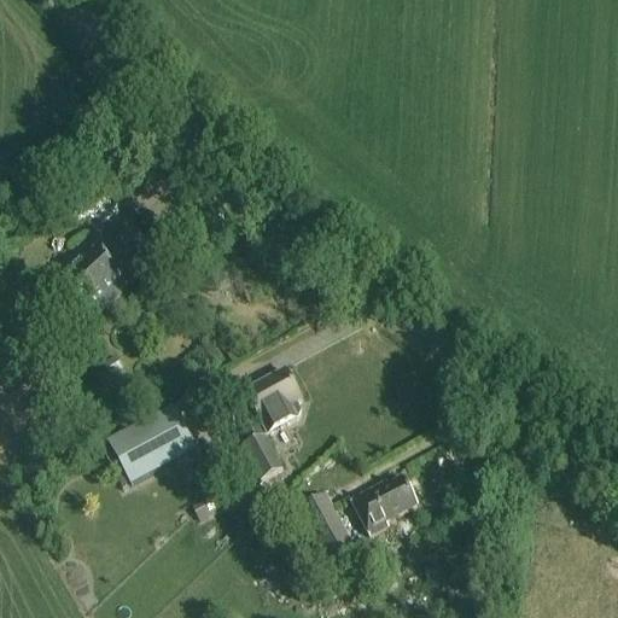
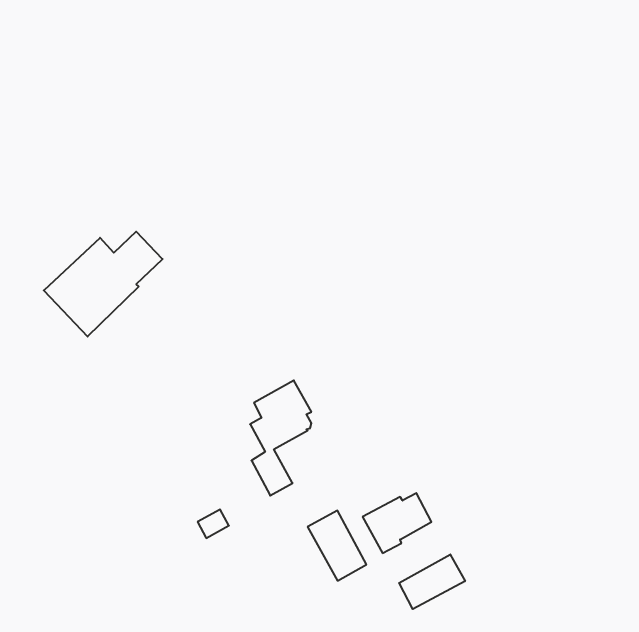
building: [107,404,194,482] -> none
building: none -> [399,554,465,609]

